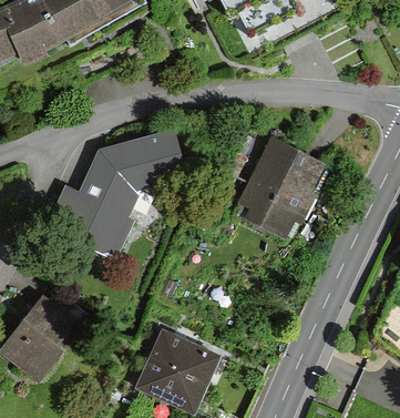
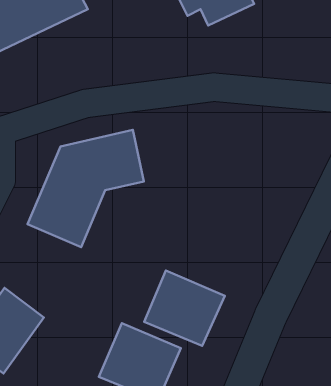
building: [244,144,324,235] -> none
building: none -> [144,271,225,346]

